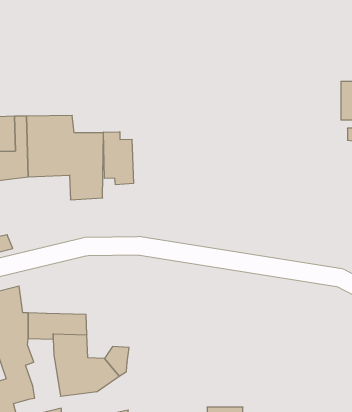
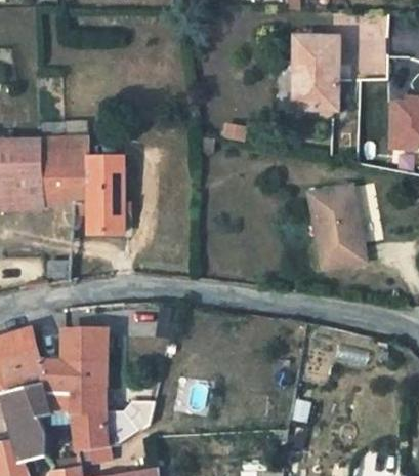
building: none -> [291,34,337,108]
building: [103,132,133,185] -> none
building: none -> [306,184,364,267]
building: none -> [61,332,106,361]

